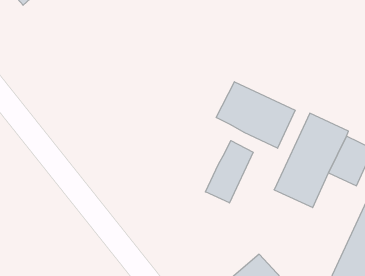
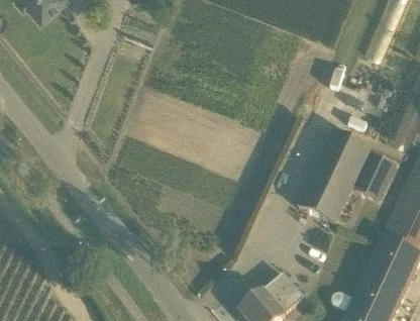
building: [216,82,295,148] -> none
building: [205,141,253,203] -> none

